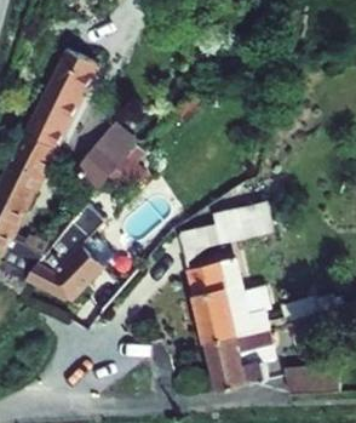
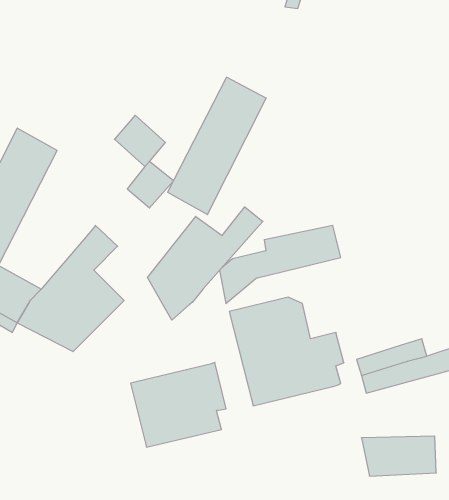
building: [25,44,101,148] -> [168,77,266,215]
building: [75,139,122,188] -> none
building: none -> [148,207,263,320]
building: [205,326,277,390] -> [131,362,226,447]

